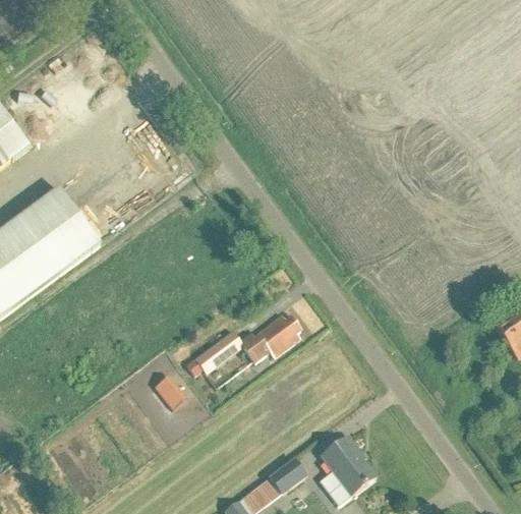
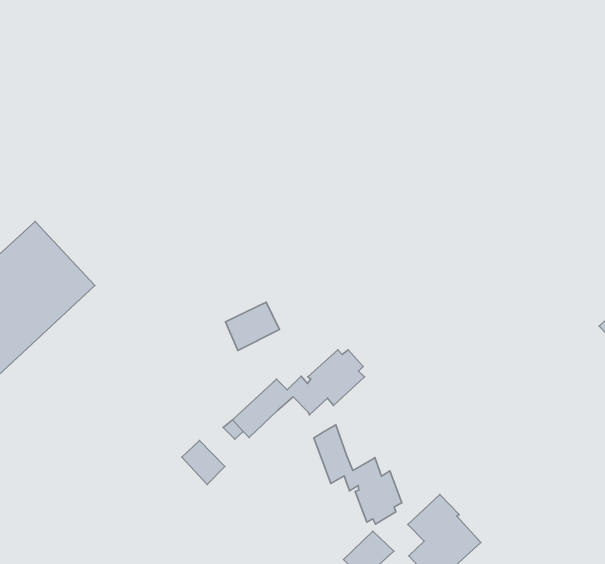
building: none -> [225,302,279,351]
building: none -> [314,425,402,524]

